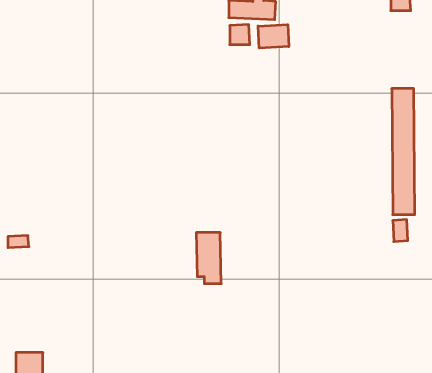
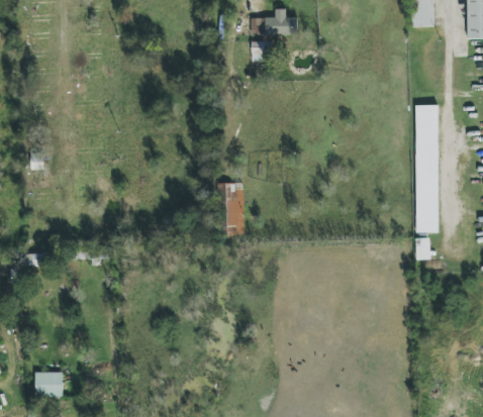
building: [258,25,289,48] -> none
building: [196,233,221,284] -> [219,183,245,234]

